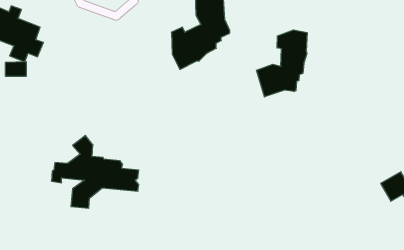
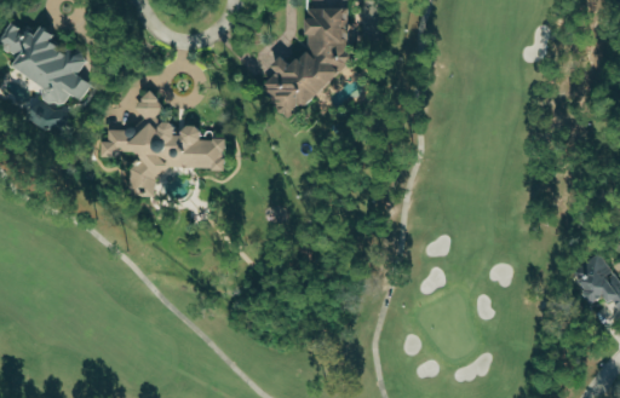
building: [256,30,307,97] -> none
building: [51,135,139,208] -> [102,90,226,194]

